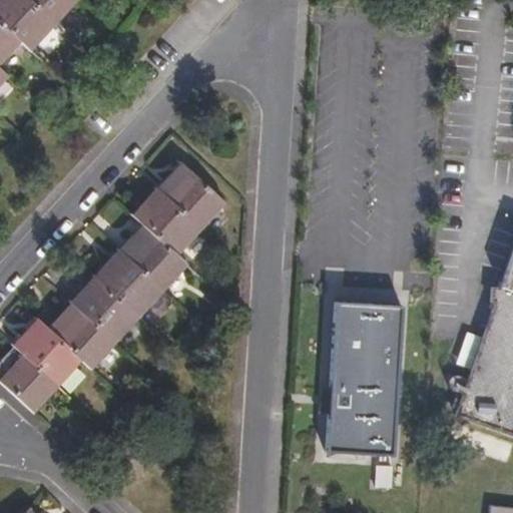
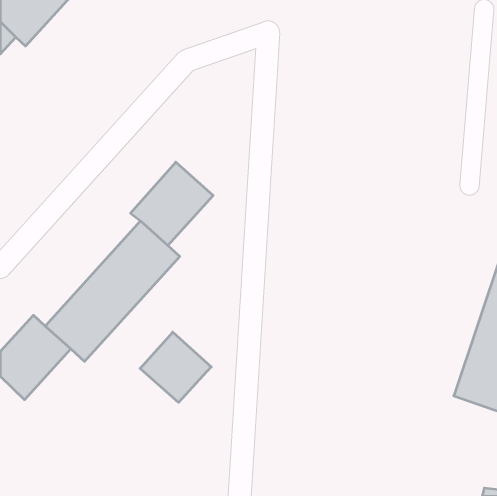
building: [328,297,402,452] -> none
building: none -> [140,332,211,402]

